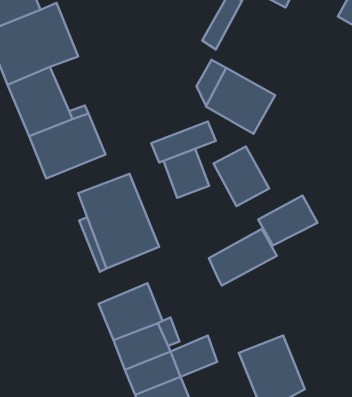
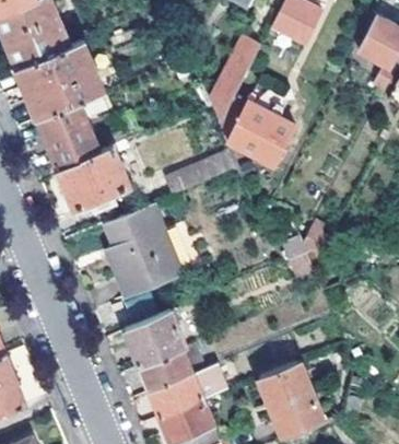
building: [214,147,269,206] -> none
building: [163,149,209,198] -> none
building: [209,229,277,285] -> none

